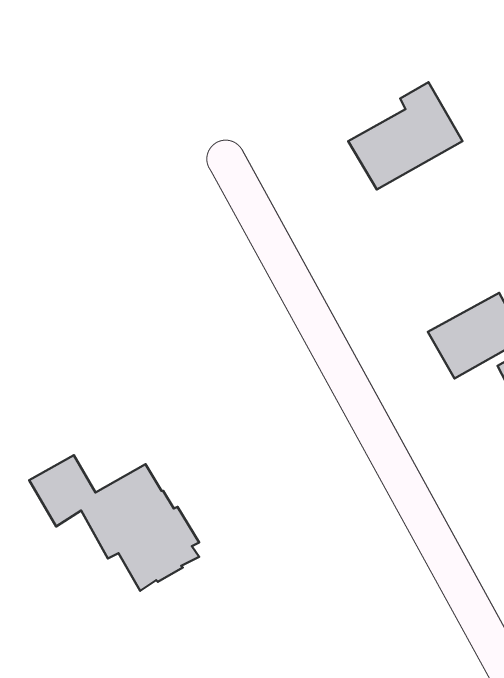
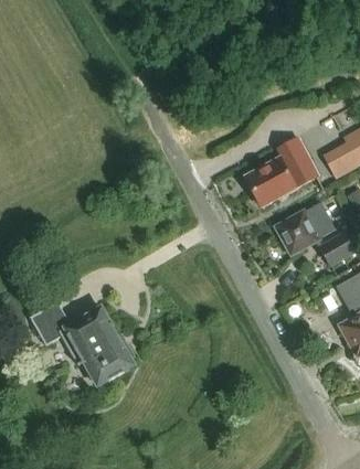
building: [348,82,463,189] -> [245,139,316,205]

